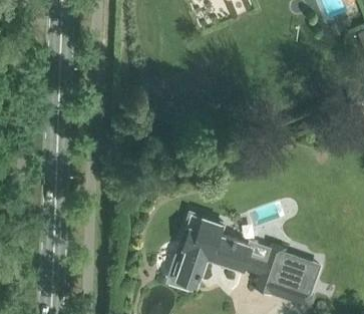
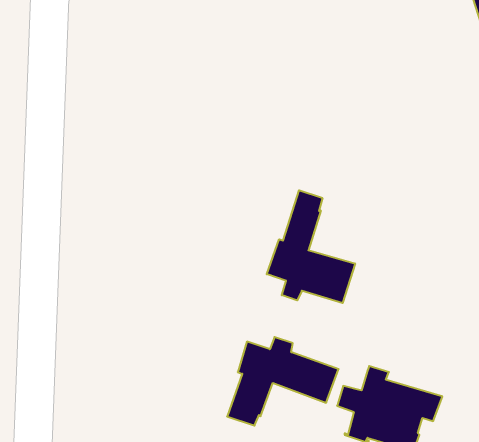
building: none -> [267,190,355,303]

